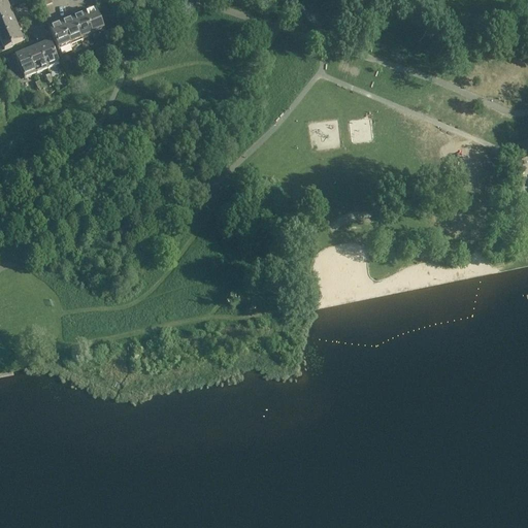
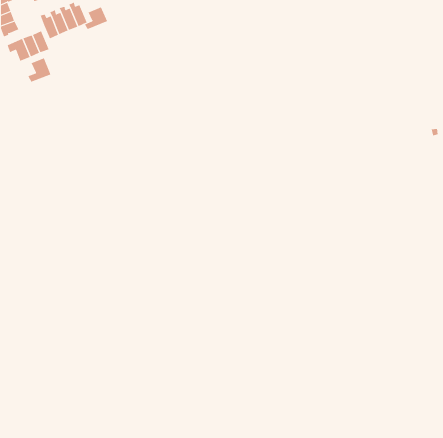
building: none -> [84,6,108,30]
building: none -> [28,57,51,83]

